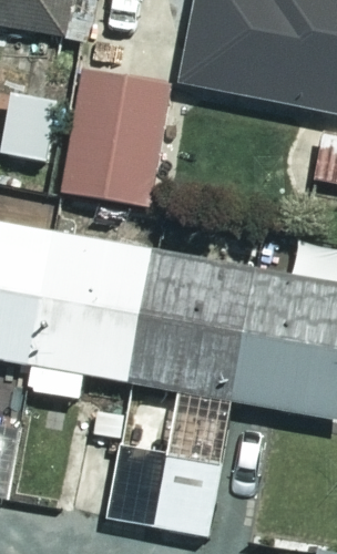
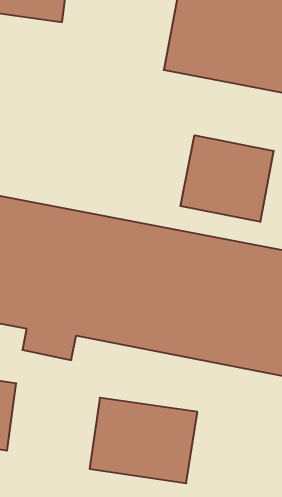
building: [62,66,174,206] -> none
building: none -> [180,135,274,222]

